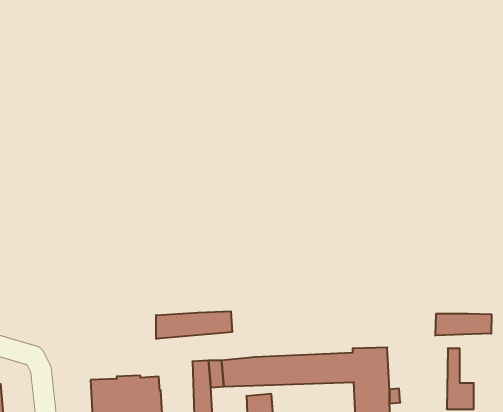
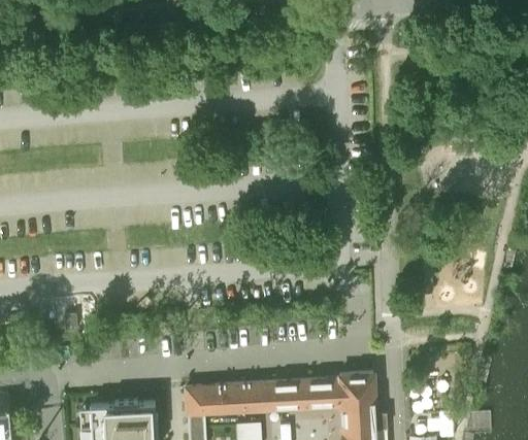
building: [156,311,232,339] -> none
building: [435,314,491,336] -> none

